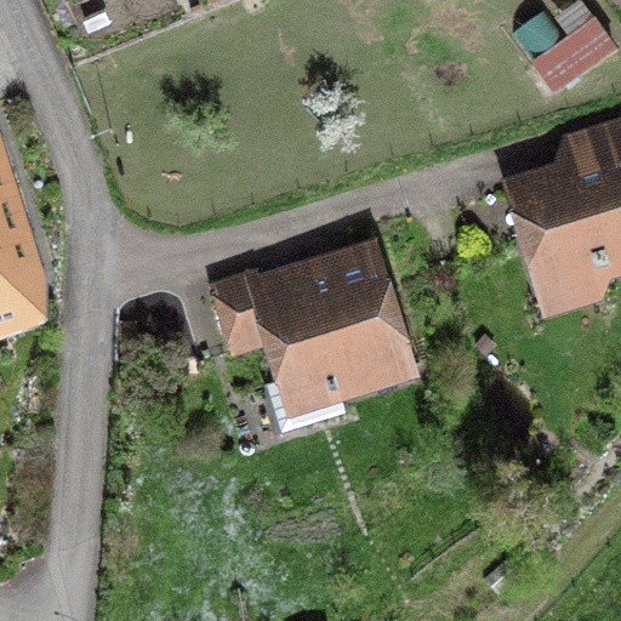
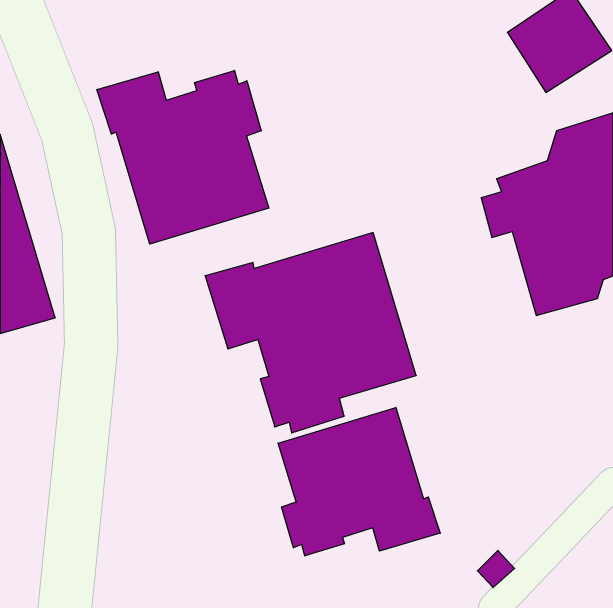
building: none -> [97,70,269,244]
building: none -> [278,407,440,556]

